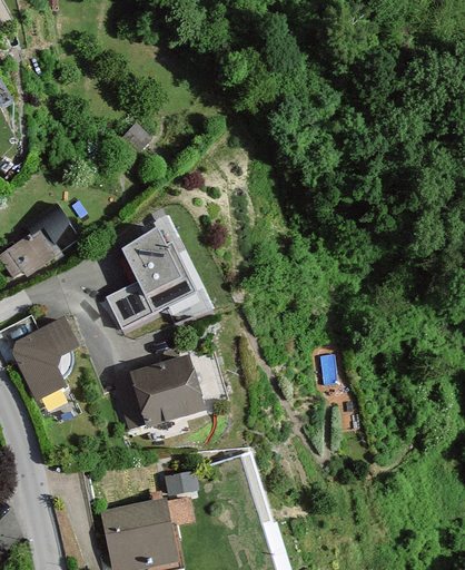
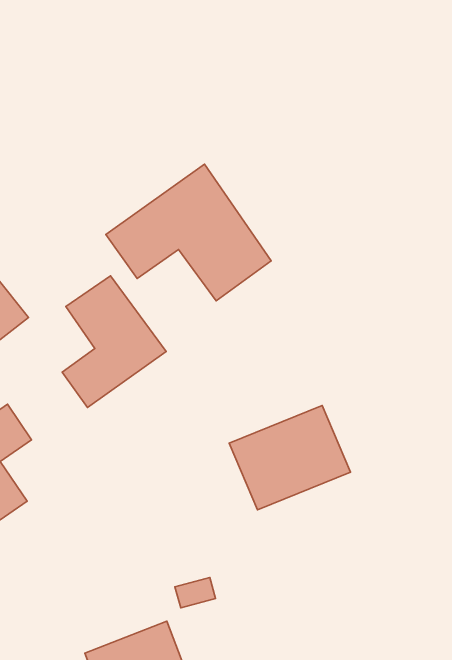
building: none -> [106,164,271,301]
building: [117,355,207,429] -> [229,406,350,510]

